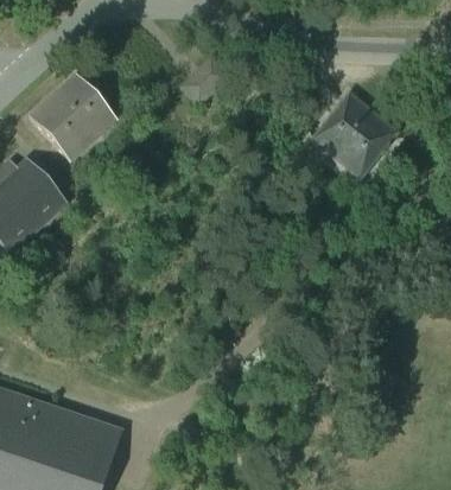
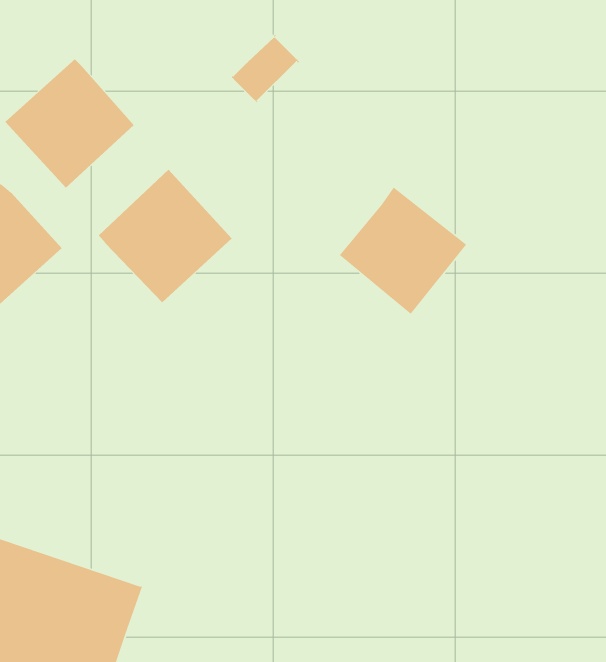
building: [310,91,396,178] -> [339,186,467,315]
building: none -> [98,169,232,303]

